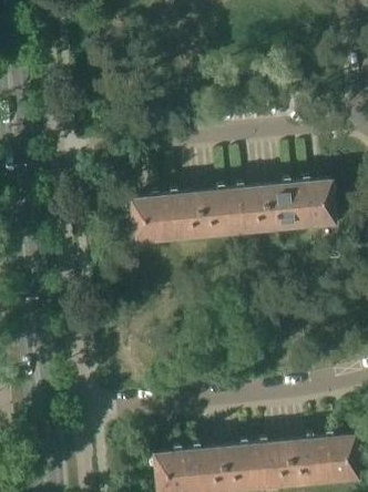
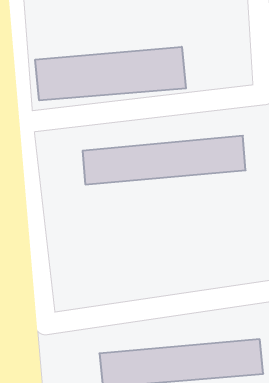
building: none -> [35,47,186,100]

